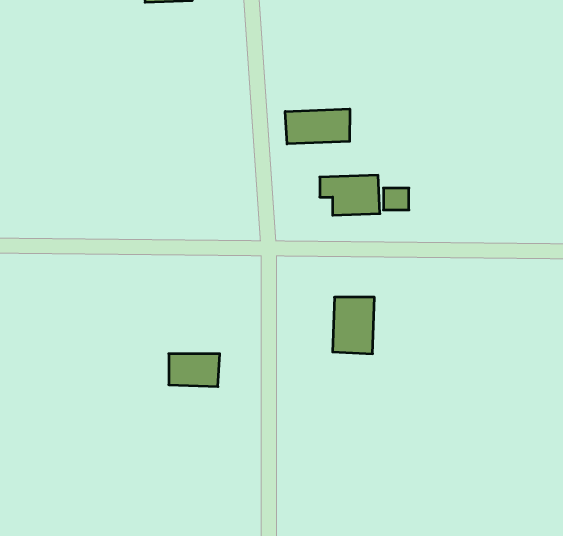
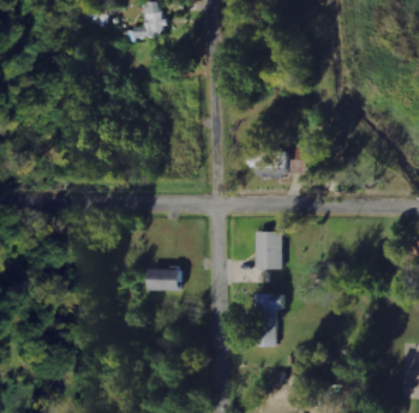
building: [285,109,350,144] -> none
building: none -> [255,293,285,347]

